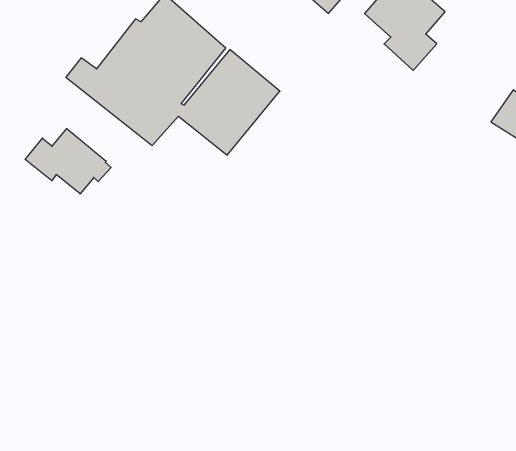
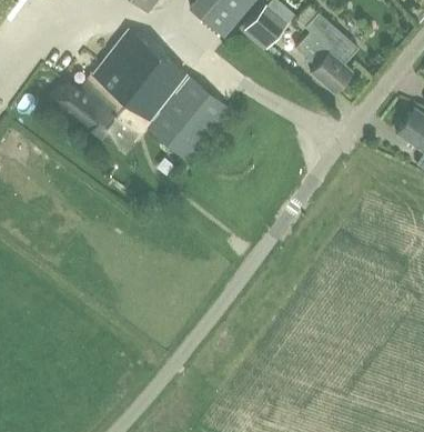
building: [25,129,111,194] -> none

